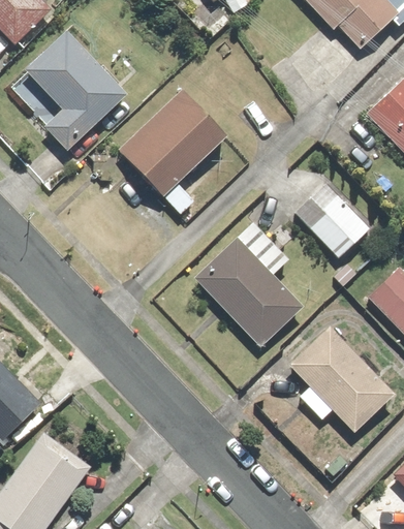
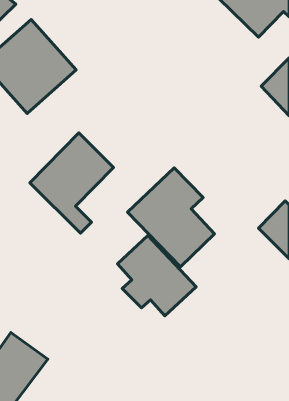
building: [121,87,228,216] -> [30,133,113,233]
building: [296,185,371,260] -> none
building: [292,326,394,430] -> [117,236,196,316]

